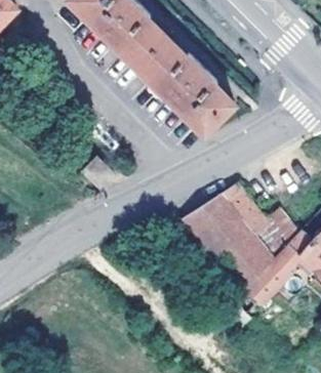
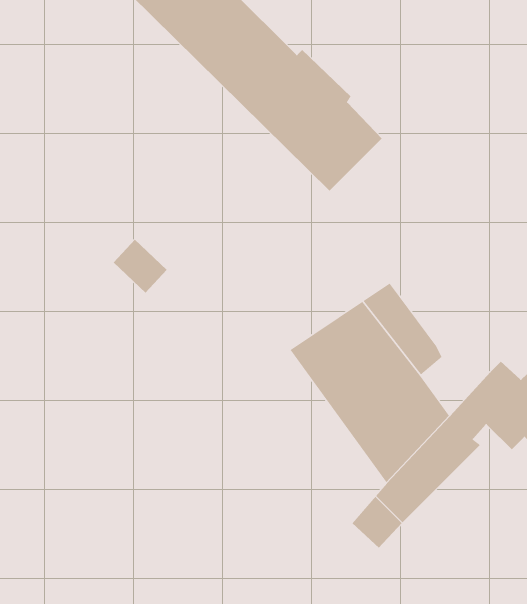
building: [257,212,296,259] -> none

